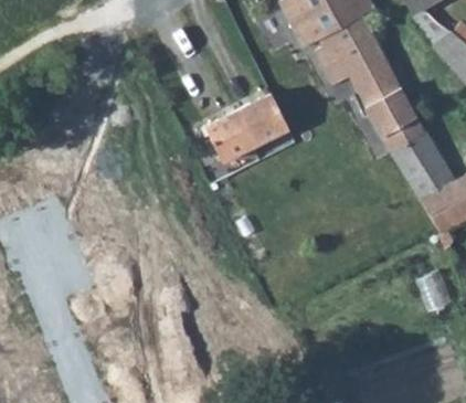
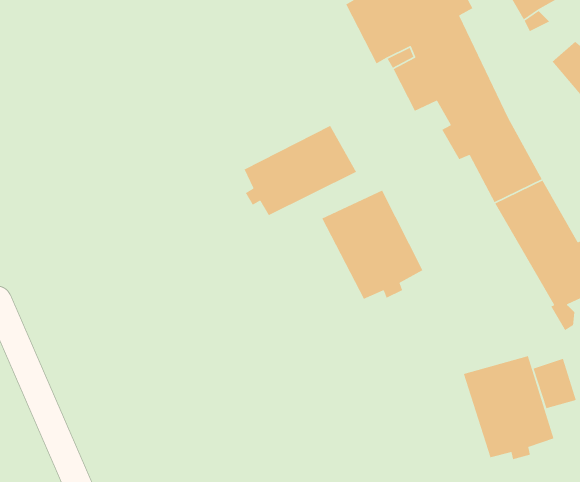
building: none -> [321,189,424,300]
building: none -> [463,355,554,460]

